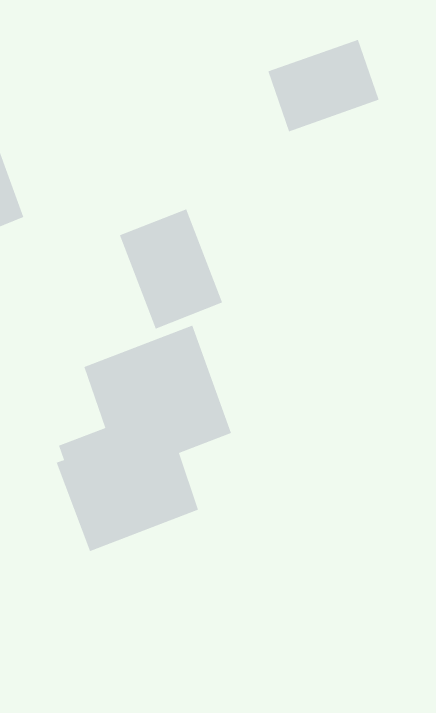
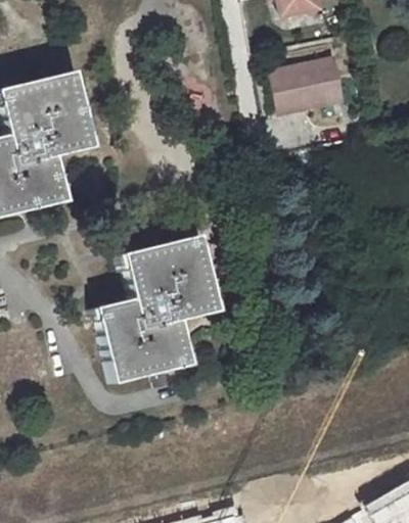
building: [119,208,223,329] -> none

